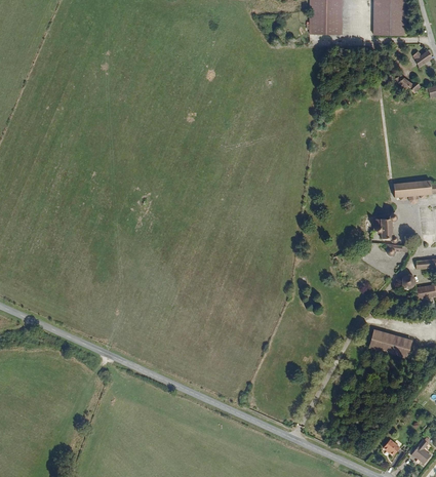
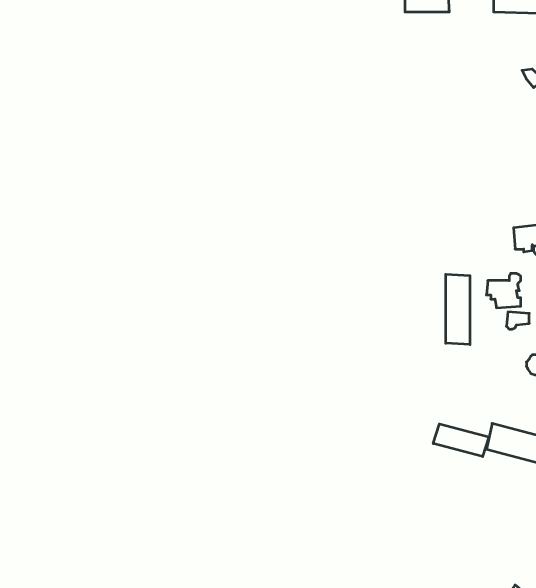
building: none -> [446,274,470,345]
building: none -> [433,424,489,457]

